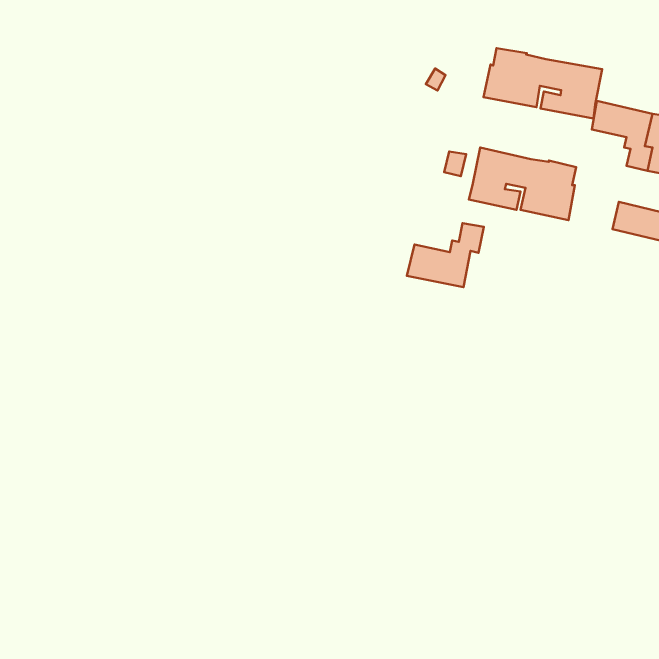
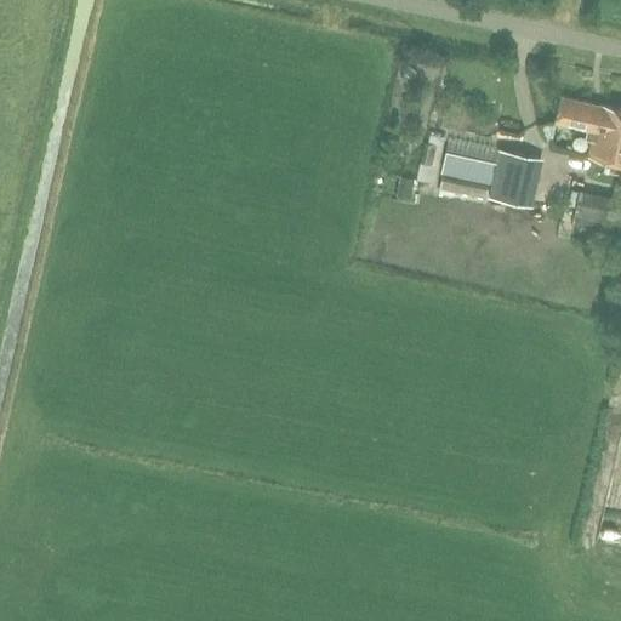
building: [483,48,602,119] -> none
building: [407,223,484,287] -> none

